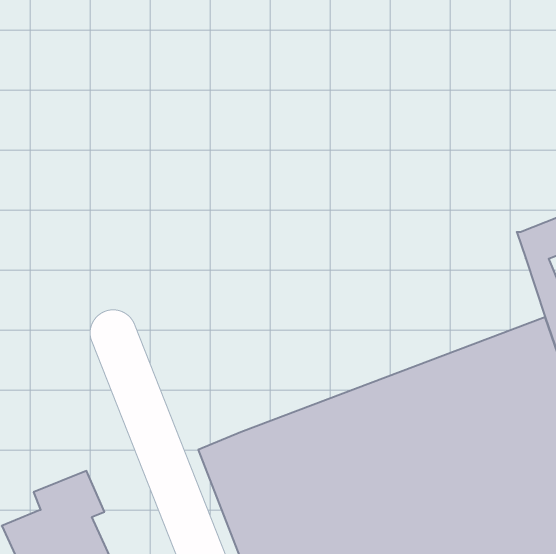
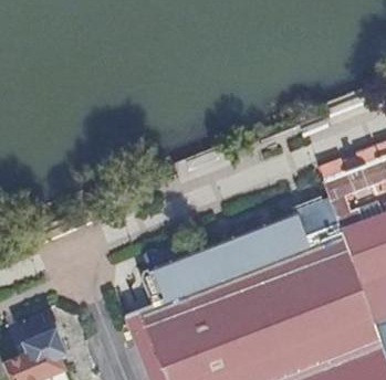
building: none -> [144,194,342,303]

